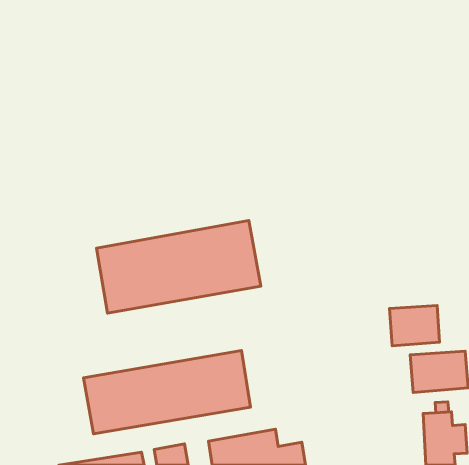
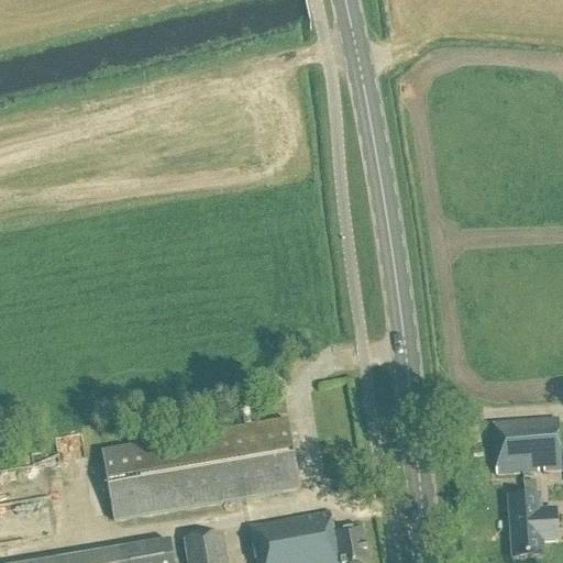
building: [96,221,261,313] -> none
building: [389,306,440,346] -> none

